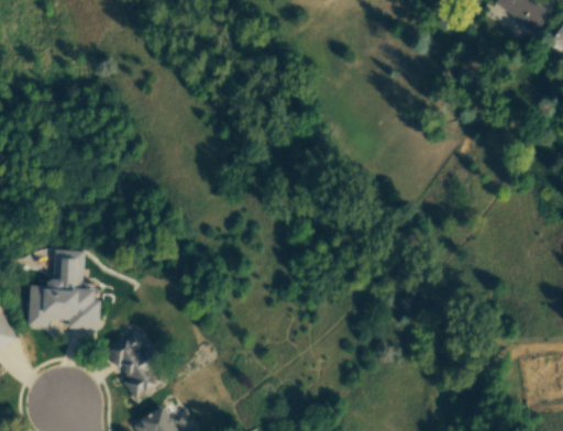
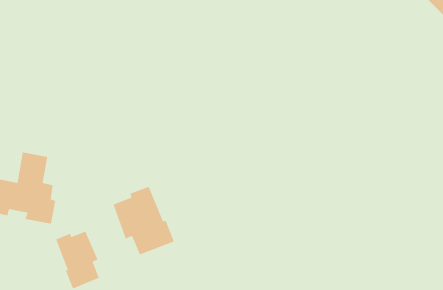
building: none -> [112,186,175,255]

